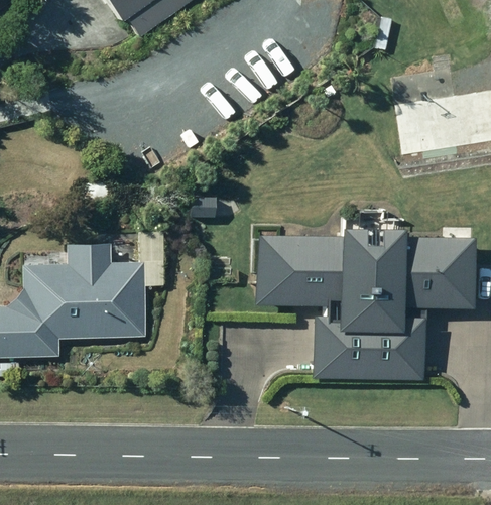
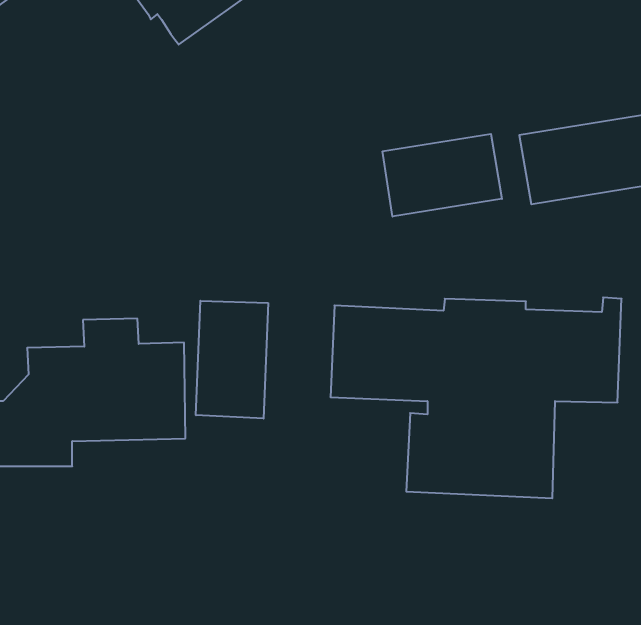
building: none -> [383,134,502,217]
building: none -> [196,301,268,419]

